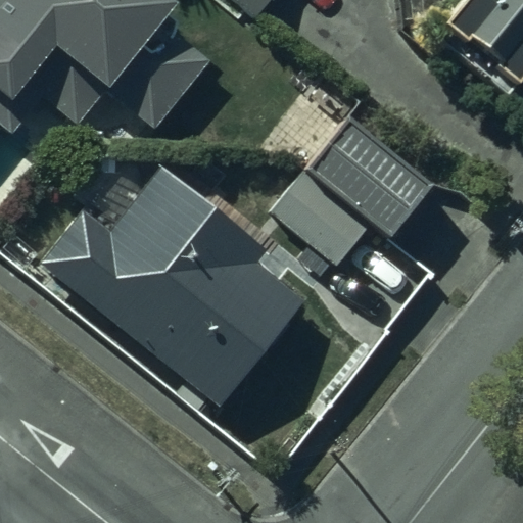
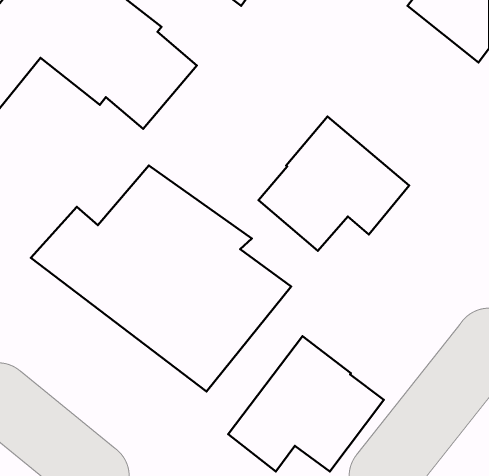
building: none -> [228,336,384,472]

